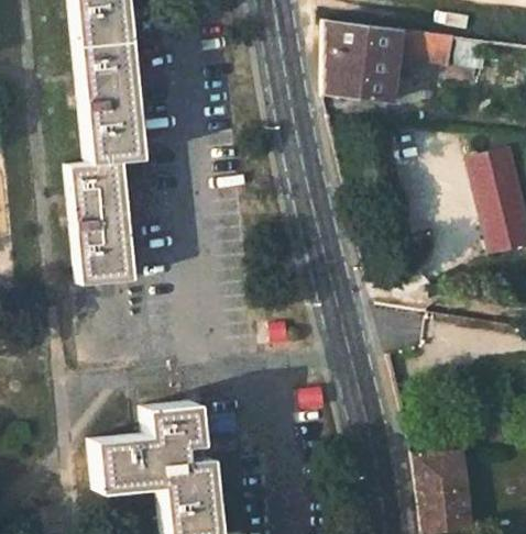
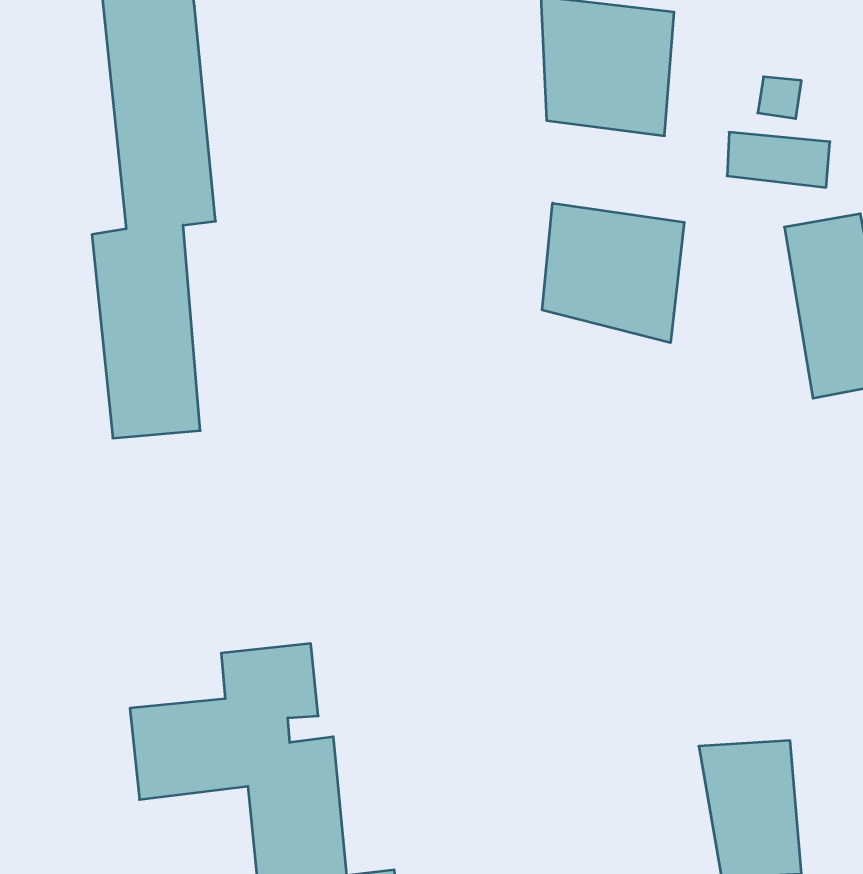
building: [404,34,463,66] -> [727,132,830,187]
building: none -> [542,203,684,343]

